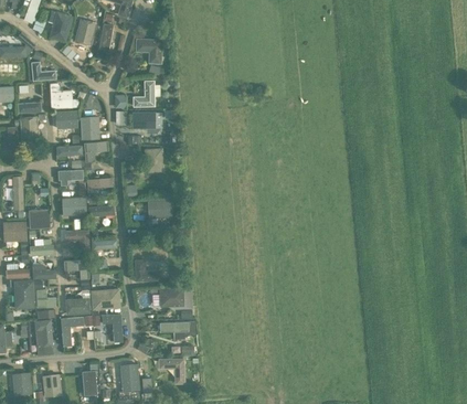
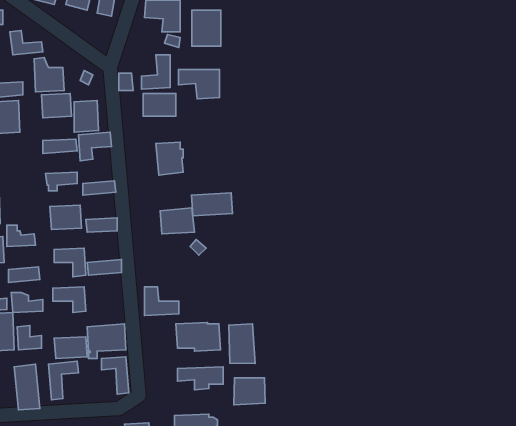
building: none -> [192,10,221,46]
building: none -> [179,70,219,99]
building: none -> [191,193,233,216]
building: none -> [229,324,255,363]
building: none -> [234,378,265,405]

